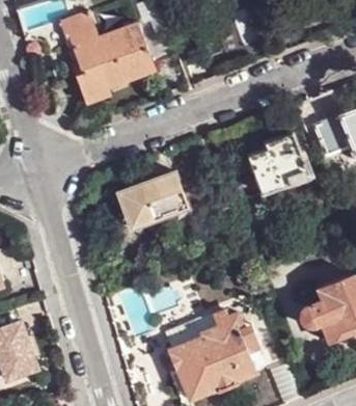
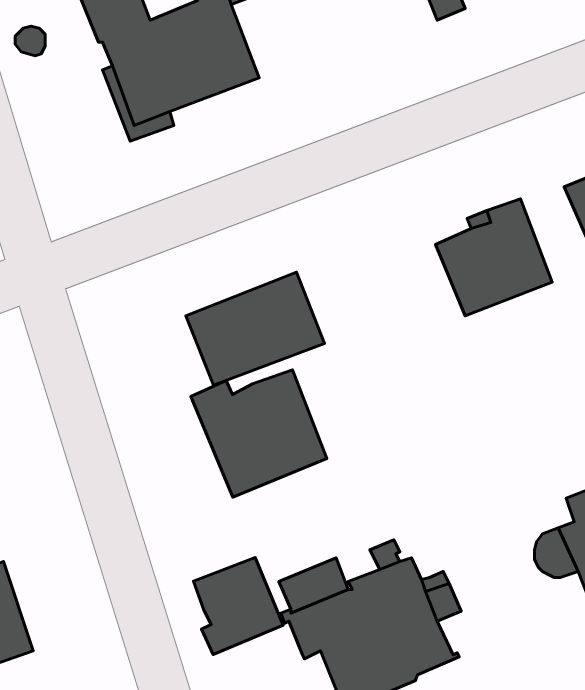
building: none -> [191,370,327,497]
building: none -> [194,557,283,655]

